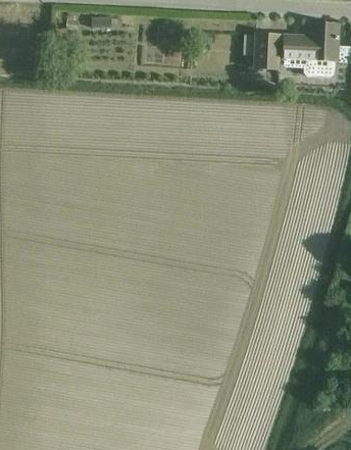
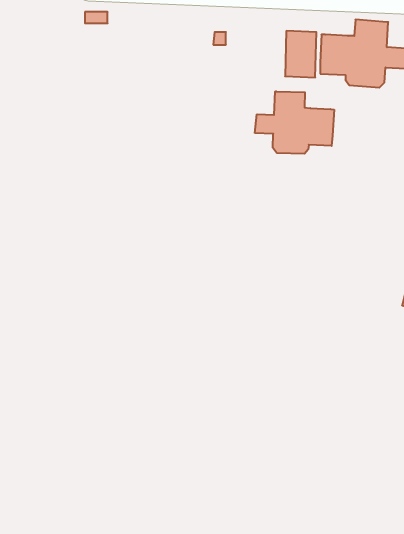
building: none -> [255,91,334,154]

